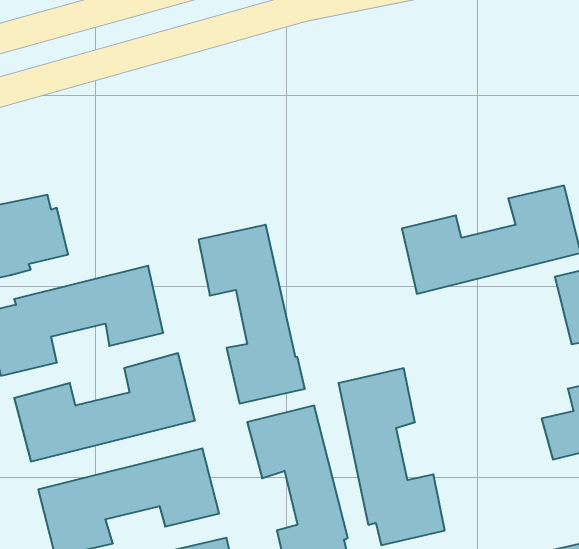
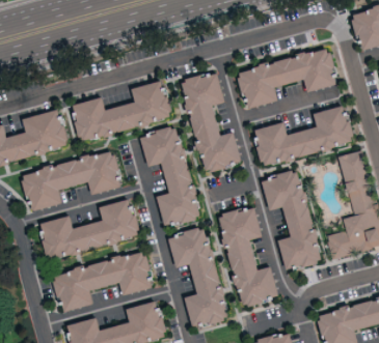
building: none -> [237,48,337,109]
building: none -> [180,74,241,171]
building: none -> [72,82,170,139]
building: none -> [261,170,321,267]

